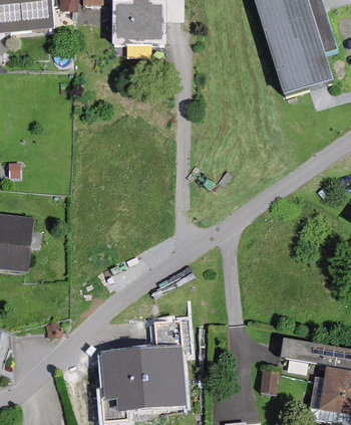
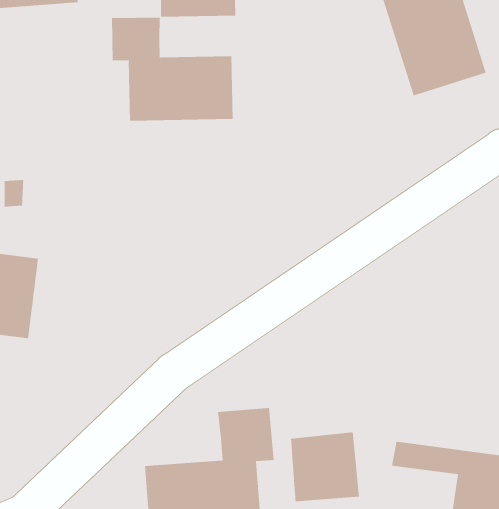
building: none -> [112,17,233,122]
building: none -> [291,432,359,502]

